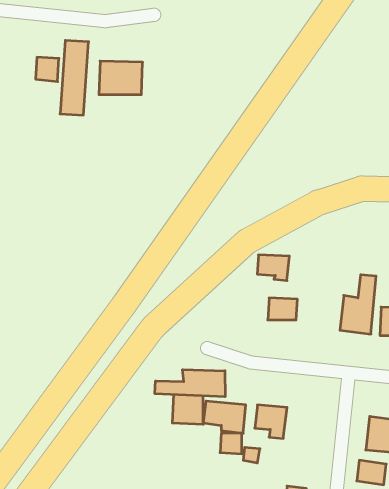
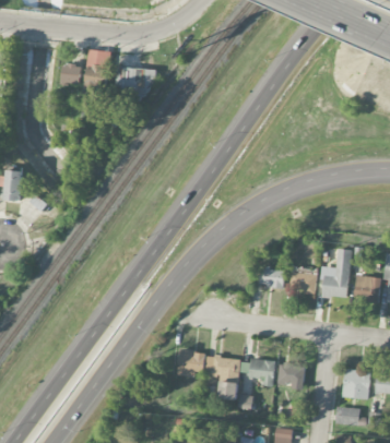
building: [257,255,289,281] -> [289,273,317,295]
building: [155,370,225,397] -> none
building: none -> [277,363,305,385]

